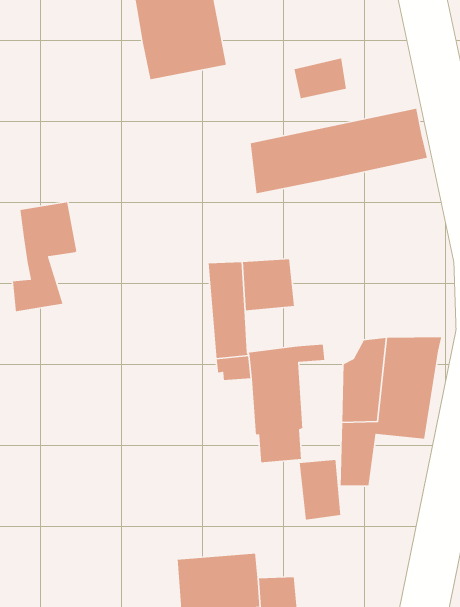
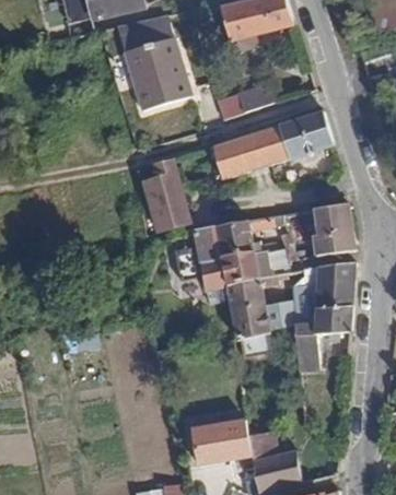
building: [12,201,77,312] -> [141,158,183,236]
building: none -> [313,202,356,256]
building: none -> [222,249,270,285]
building: [299,459,341,520] -> none

